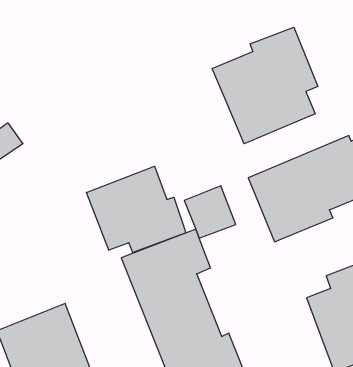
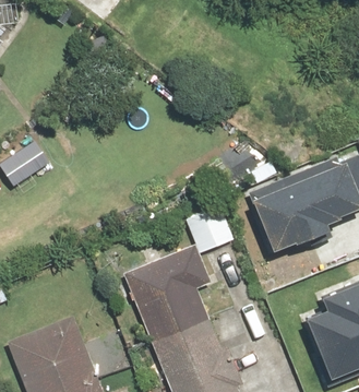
building: [212,27,318,144] -> none
building: [86,166,186,253] -> none

